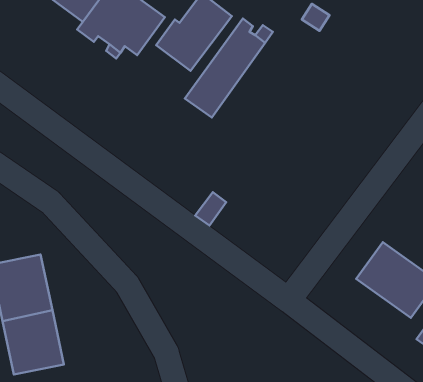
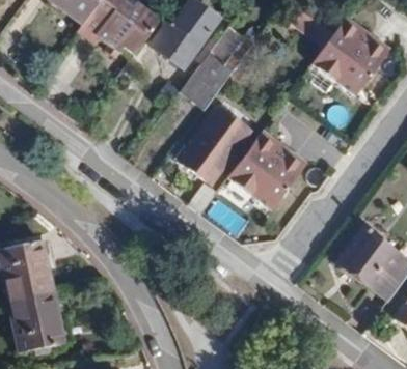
building: none -> [311,17,388,94]
building: none -> [182,108,250,182]
building: none -> [228,129,305,206]

